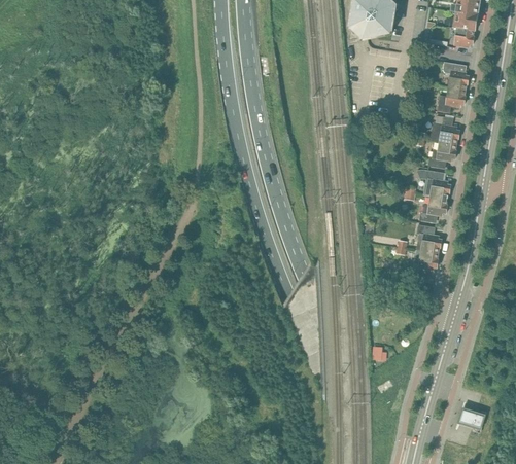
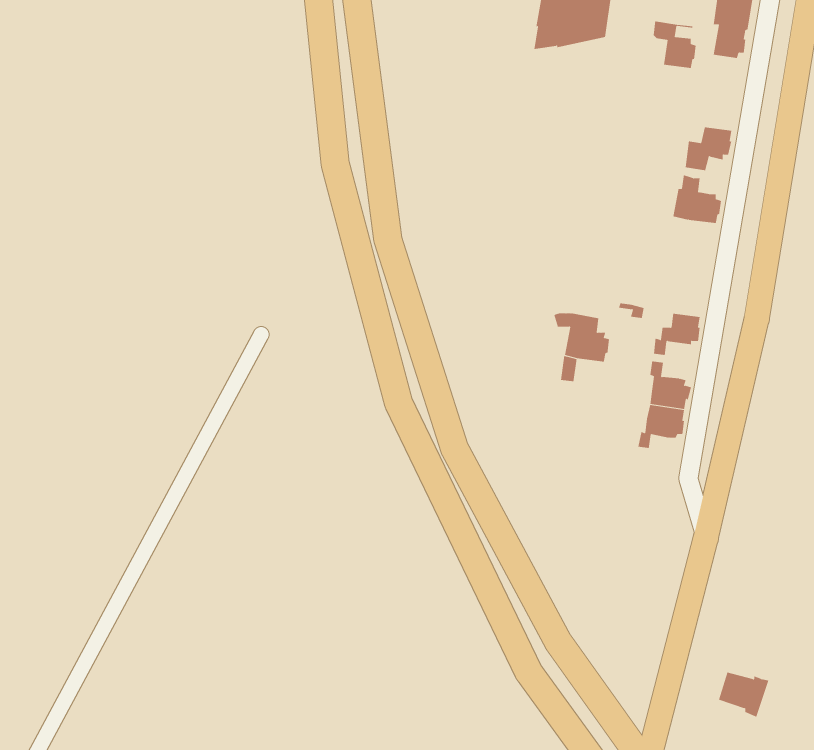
building: [443,61,469,88] -> [653,21,697,68]
building: [428,141,456,166] -> none
building: [417,169,450,198] -> [554,313,610,362]

